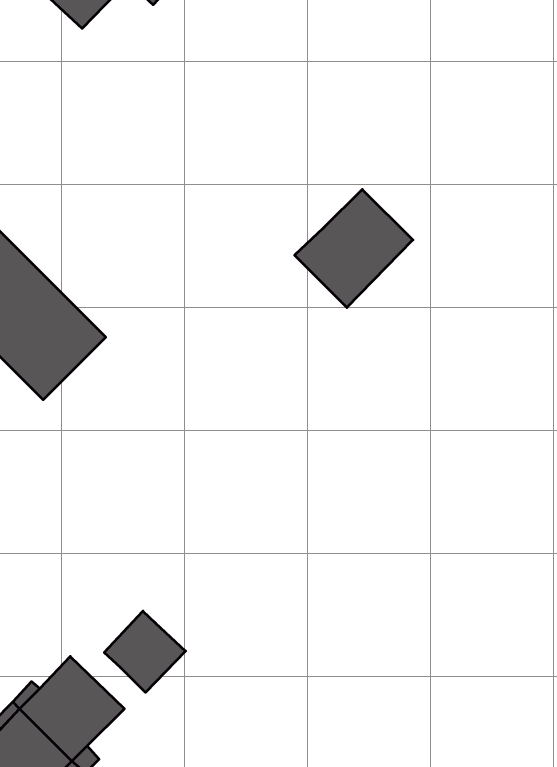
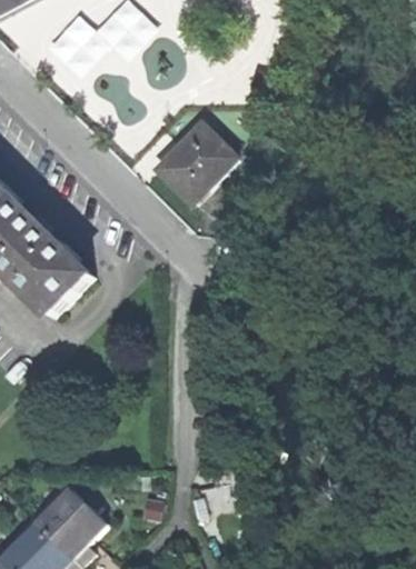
building: [295,189,413,308] -> [157,124,235,202]
building: [104,611,186,692] -> none

